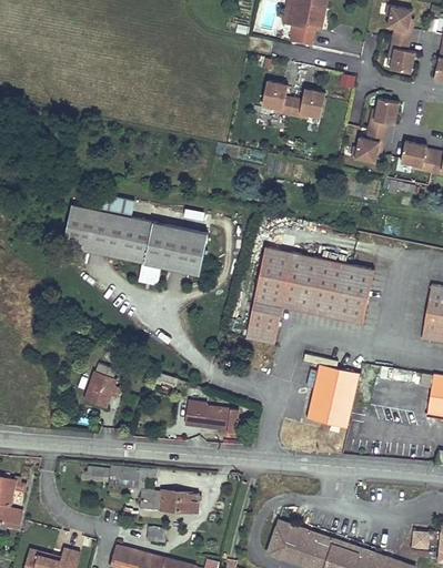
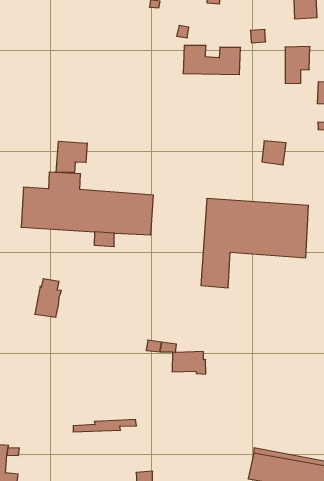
building: [353,134,382,163] -> [262,141,286,165]
building: none -> [56,141,87,173]
building: [84,363,117,406] -> [35,279,61,317]
building: [308,365,360,428] -> none
building: [141,490,199,511] -> none

